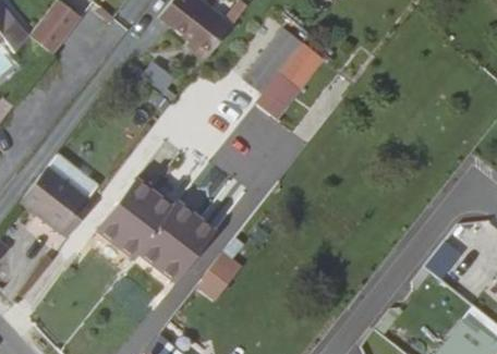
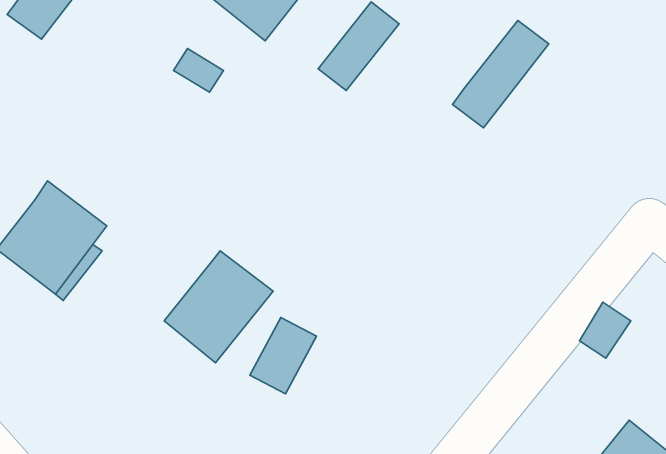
building: [257,44,325,119] -> [453,21,549,128]
building: [97,179,173,257] -> none

